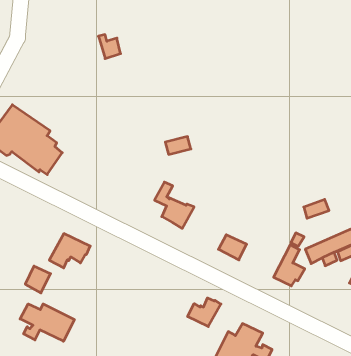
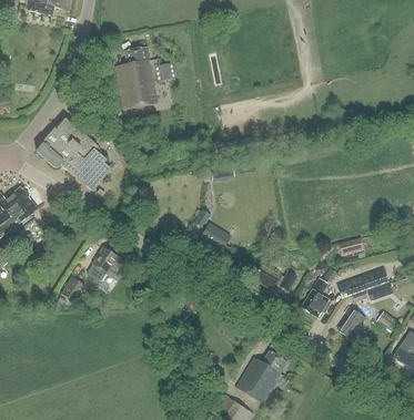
building: none -> [115,47,156,110]
building: none -> [336,305,365,338]
building: [188,298,221,327] -> none
building: [20,304,74,341] -> none

